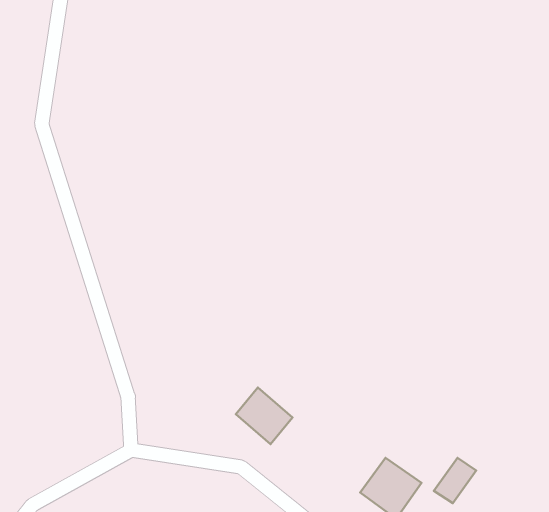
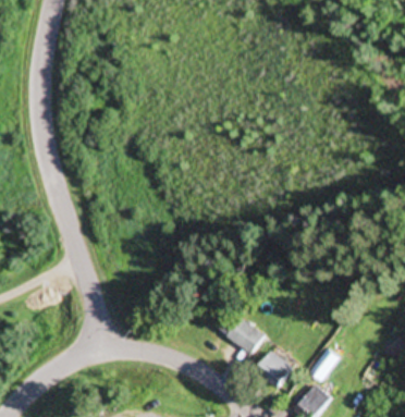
building: [236,388,292,444] -> [223,316,262,355]

